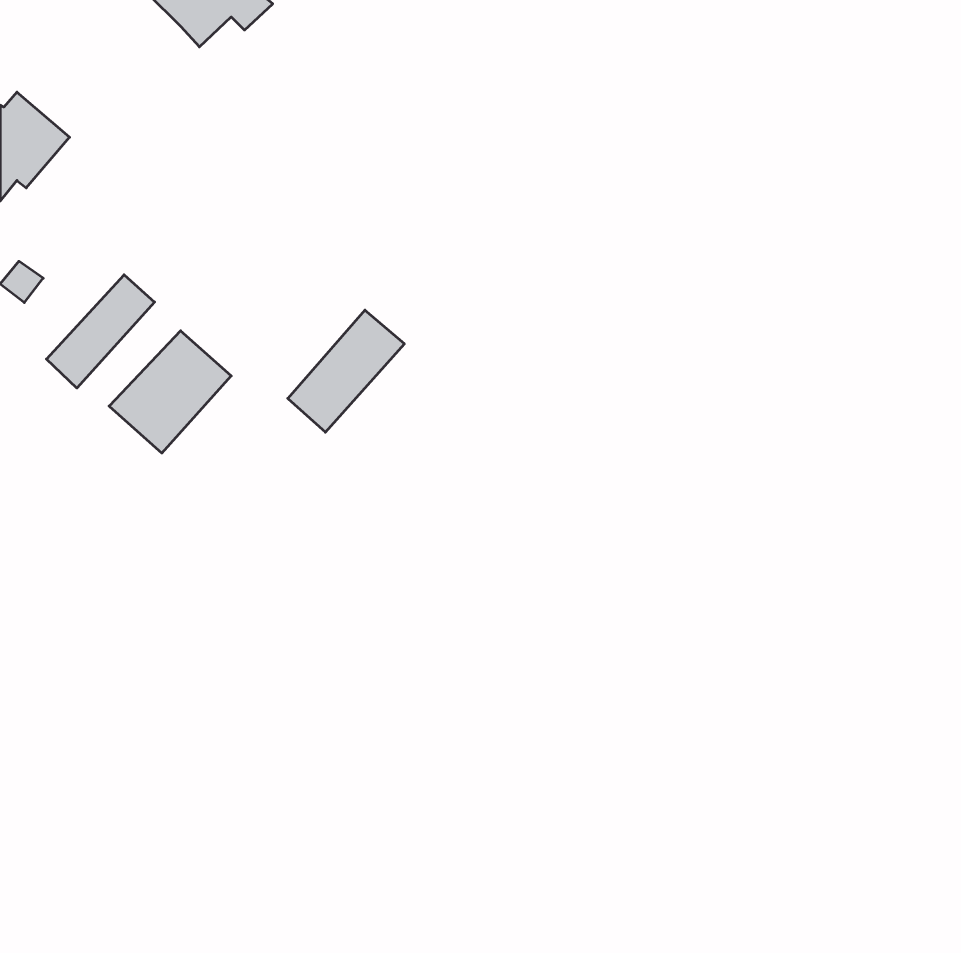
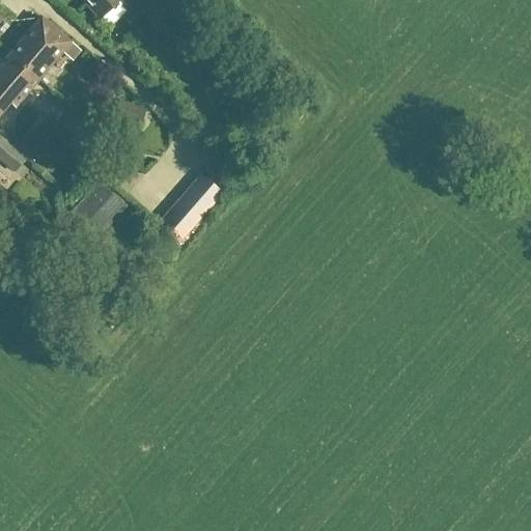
building: none -> [9,13,71,76]
building: [46,275,155,388] -> none

